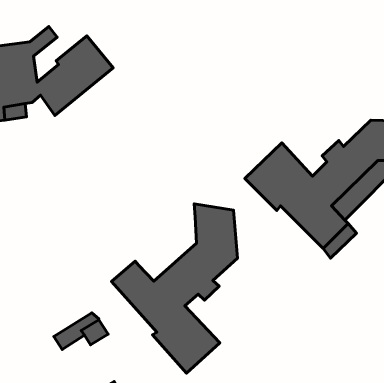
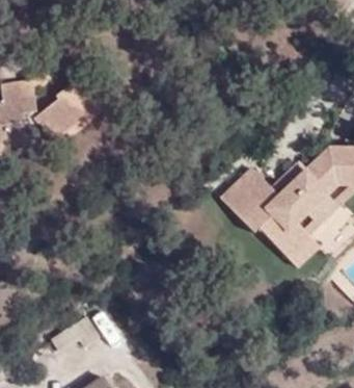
building: [112,204,237,373] -> none

